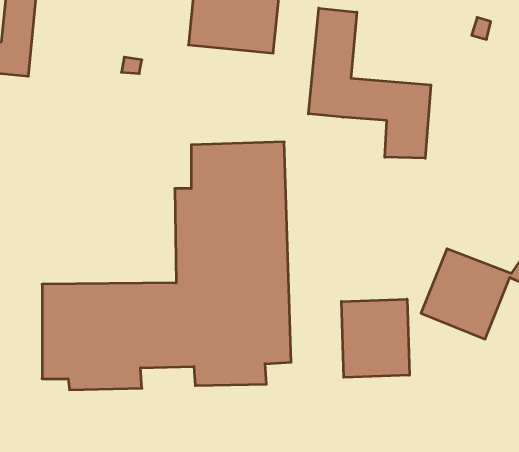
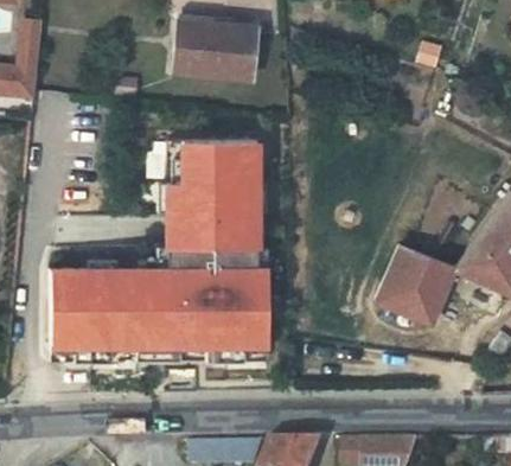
building: [308,8,431,158] -> none
building: [341,299,409,377] -> none

